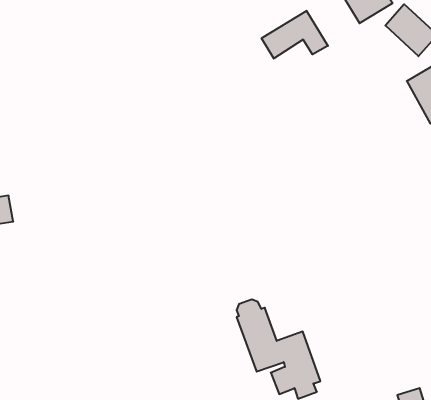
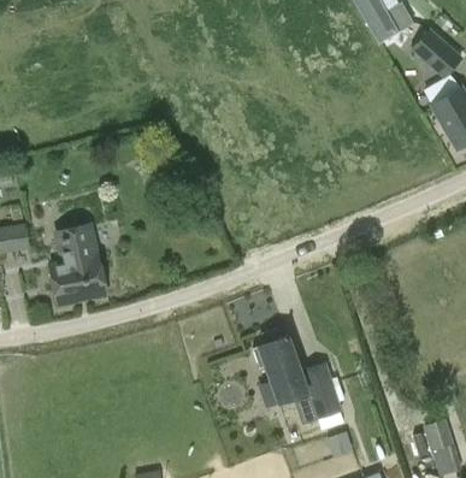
building: [262,11,328,59] -> none
building: none -> [47,223,105,306]

